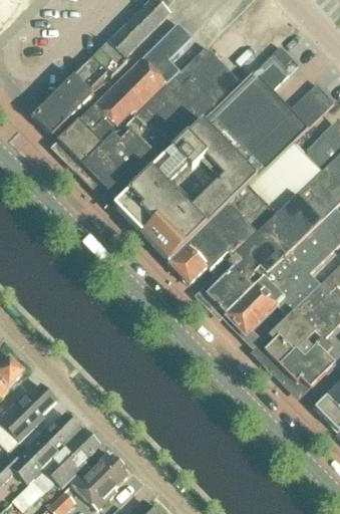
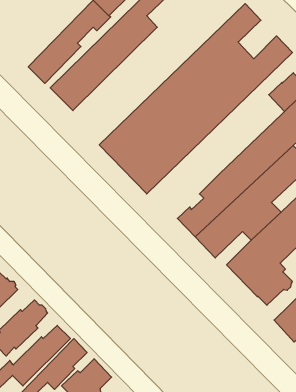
building: [84,46,243,200] -> none
building: [171,144,323,285] -> none

